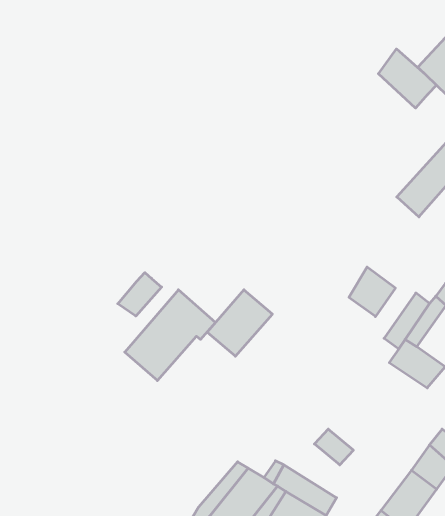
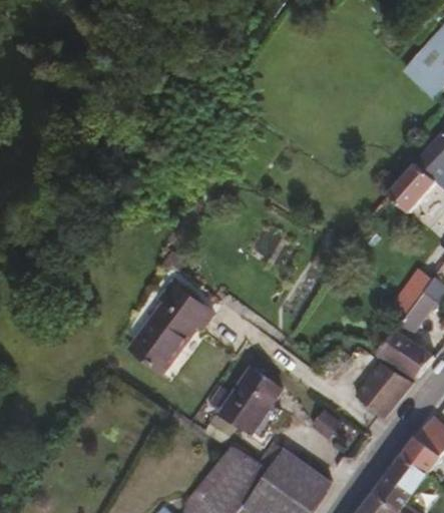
building: [378,49,436,108] -> none
building: [349,267,395,317] -> none
building: [118,273,162,316] -> none
building: [207,290,272,356] -> [219,371,282,434]
building: none -> [352,364,410,422]

